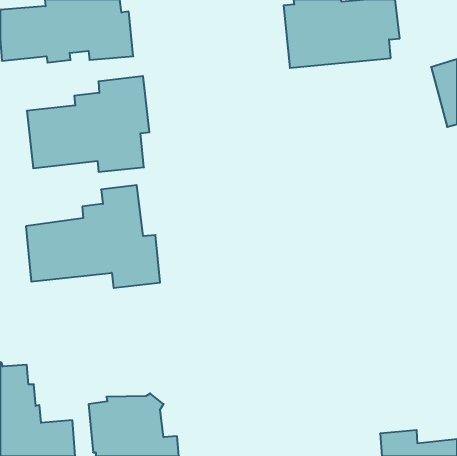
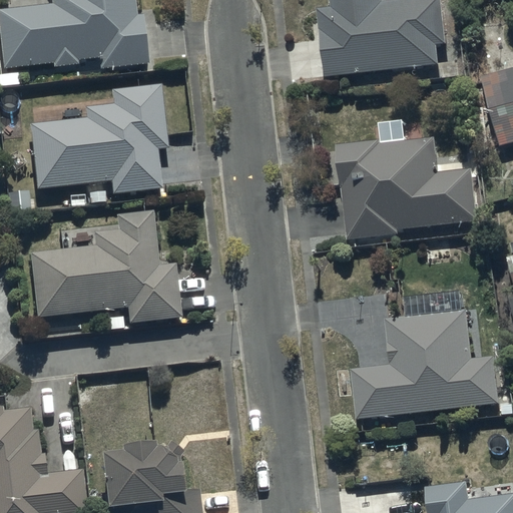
building: none -> [337,136,477,238]
building: none -> [351,309,499,418]

